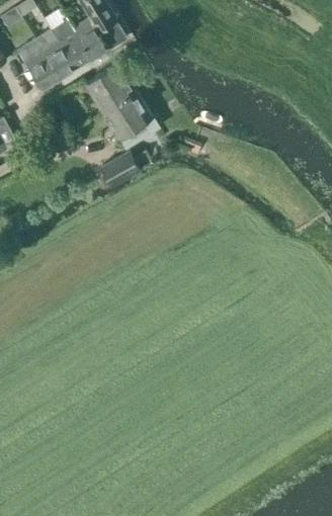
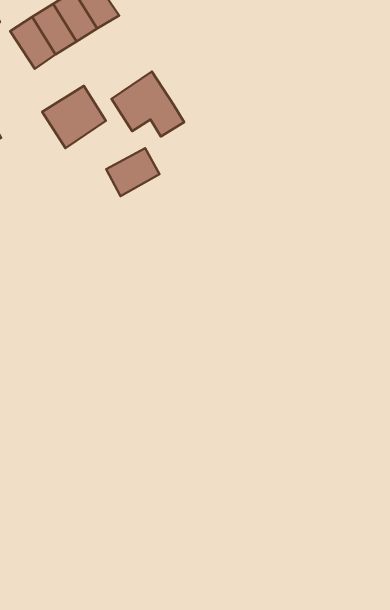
building: [83,64,133,112] -> [42,86,106,148]

